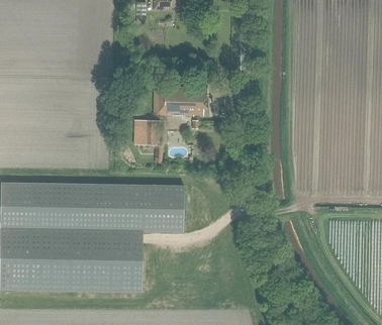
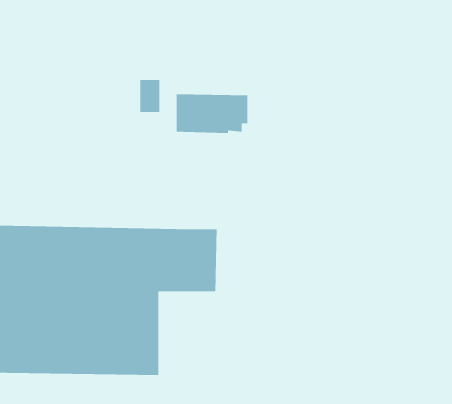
building: [144,121,159,145] -> [139,79,160,113]

